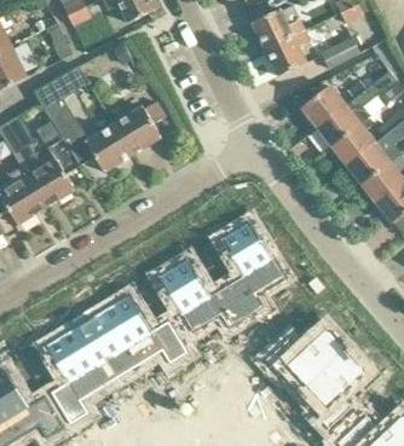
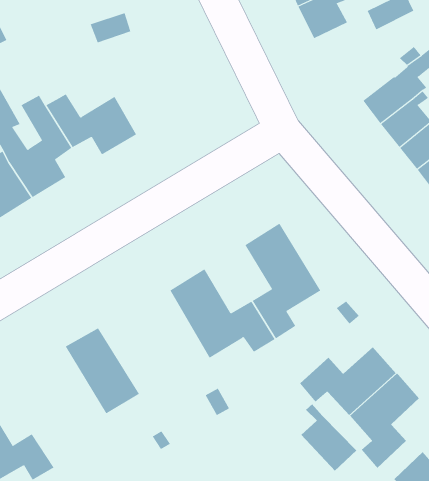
building: [33,64,88,129] -> none
building: [301,86,344,126] -> none
building: [114,100,165,154] -> none
building: [100,294,186,366] -> none
building: [45,328,106,423] -> none
building: none -> [301,403,357,472]

